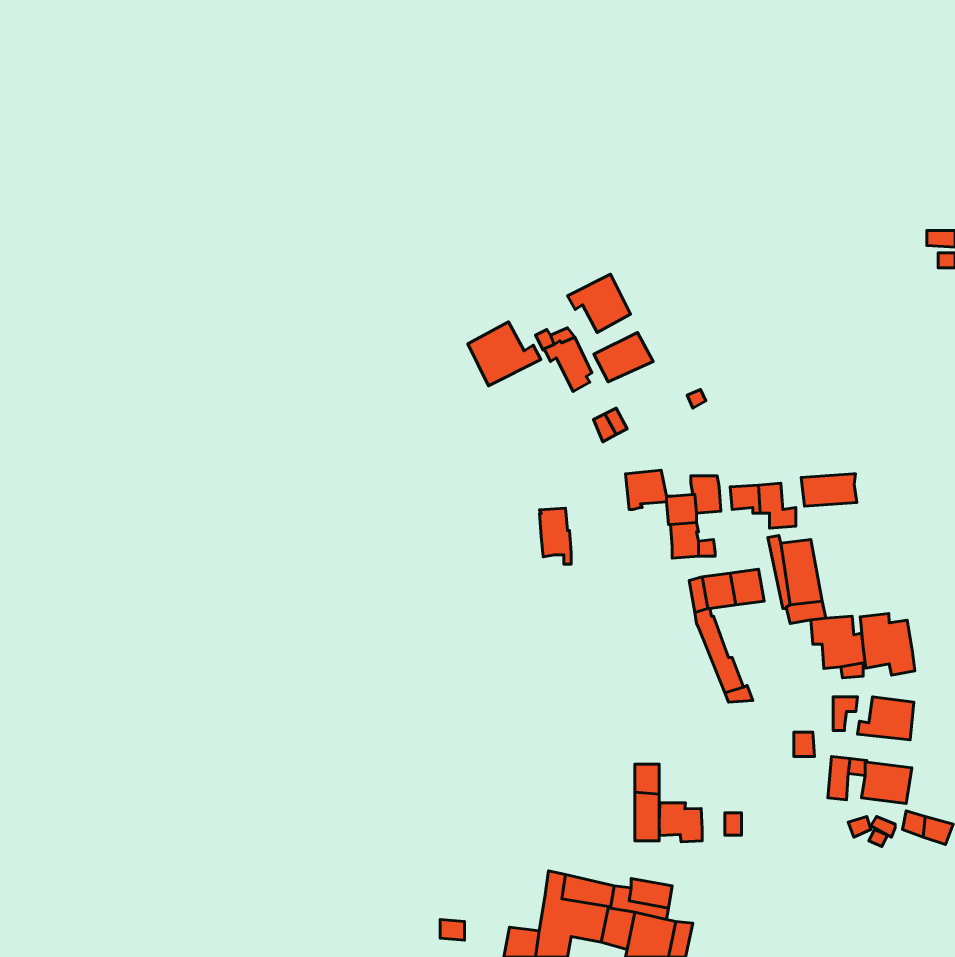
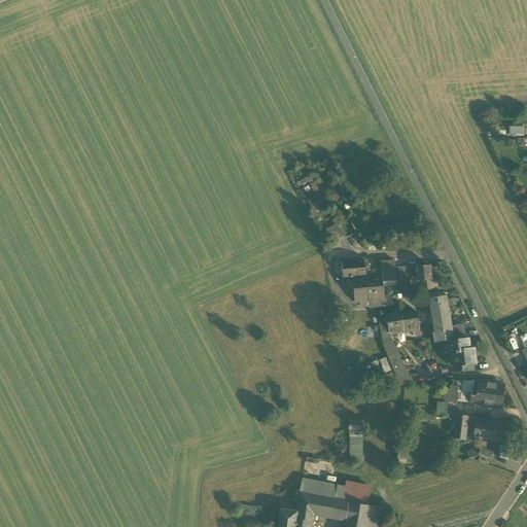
building: [568,274,630,333] -> none
building: [468,322,541,386] -> none
building: [594,332,653,382] -> none
building: [801,474,857,506] -> none
building: [539,508,571,564] -> [353,276,371,307]
building: [860,613,915,675] -> none
building: [659,803,702,842] -> none

